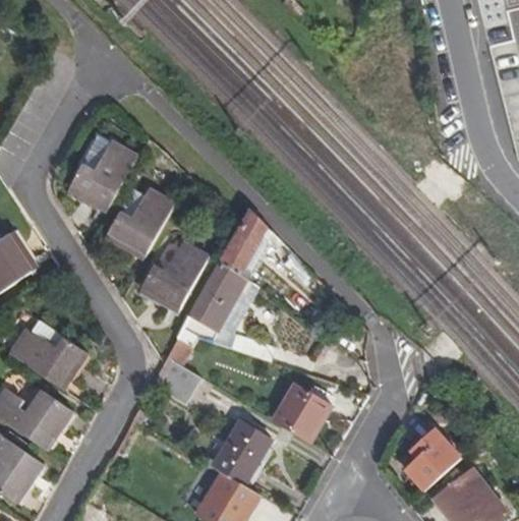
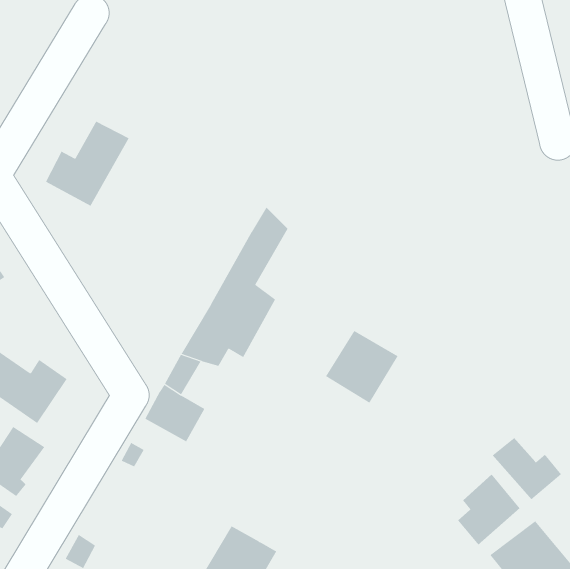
building: [106,188,174,258] -> none
building: [140,242,209,309] -> none
building: [272,383,332,443] -> [325,330,398,403]
building: none -> [492,437,562,500]
building: [212,419,272,485] -> none

